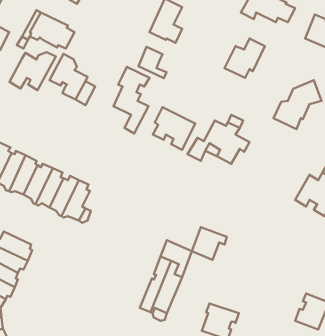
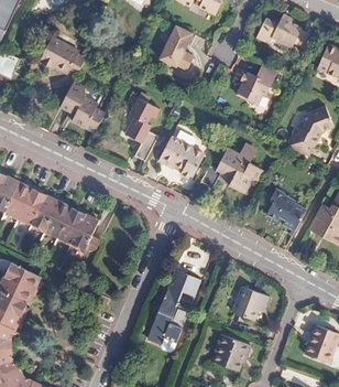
building: [139,47,166,78] -> none
building: [9,52,56,90] -> none
building: none -> [263,190,304,230]
building: [192,227,227,260] -> [233,287,269,320]

